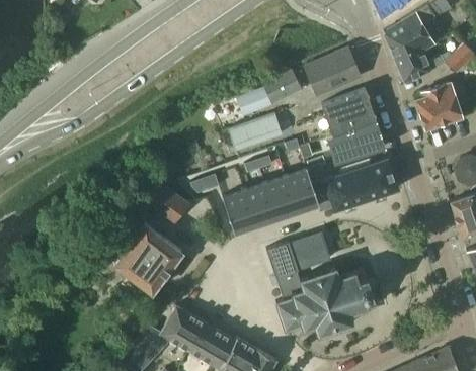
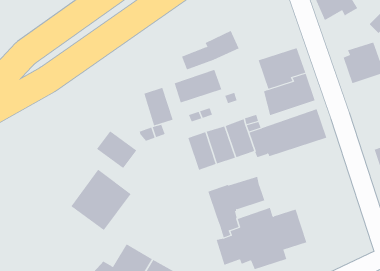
building: [305,48,361,94] -> none
building: [396,48,446,81] -> none
building: [223,188,256,231] -> [143,87,174,126]

